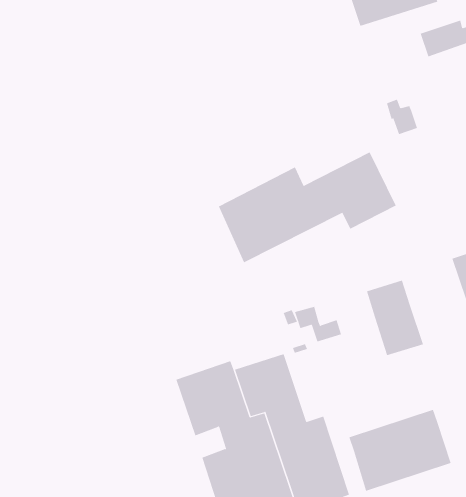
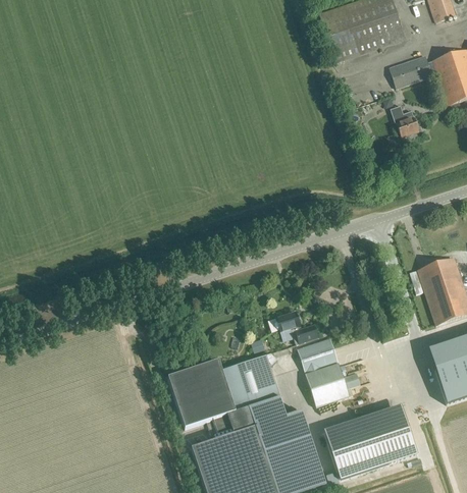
building: [386,99,418,135] -> [391,104,419,136]
building: [218,152,396,263] -> none
building: [366,280,424,356] -> [298,338,350,406]

